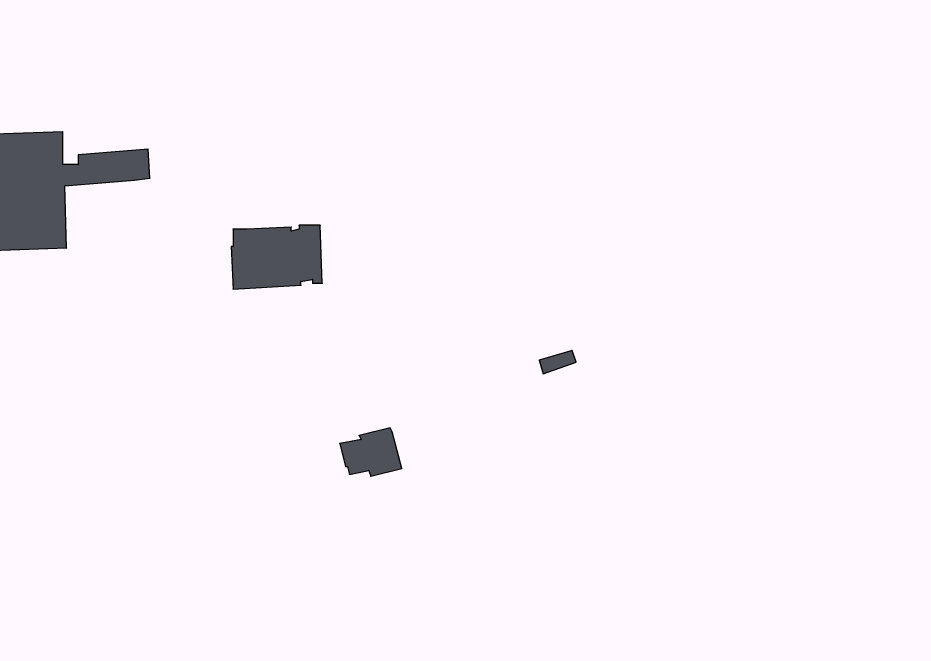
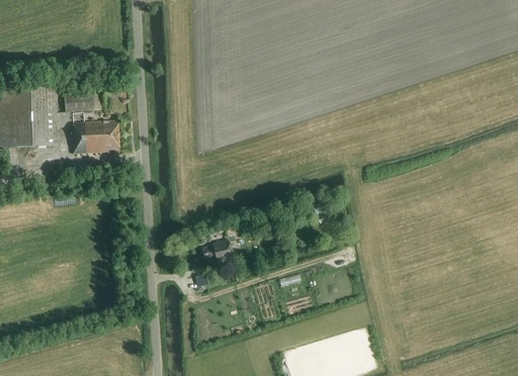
building: [231,225,322,289] -> [71,120,118,154]

